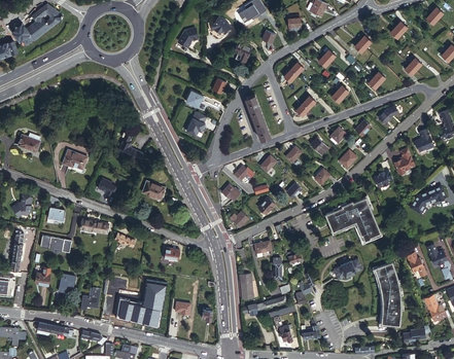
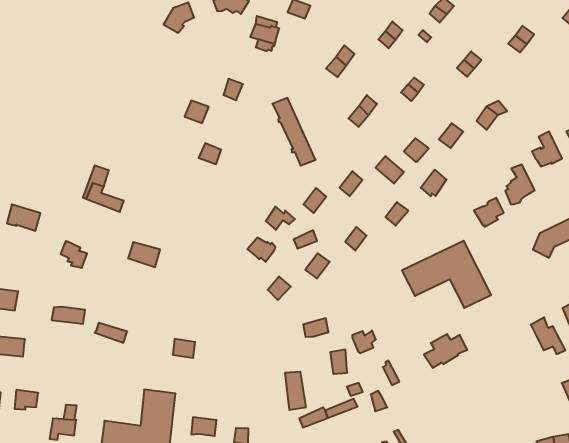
building: [373,261,400,324] -> none

